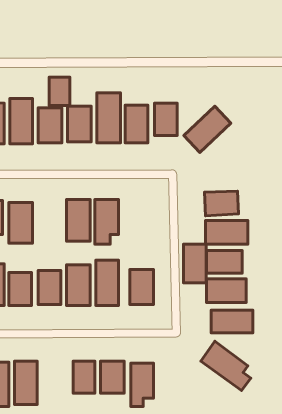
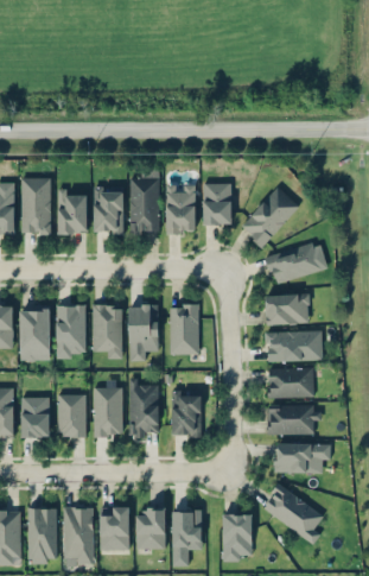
building: [49,77,70,106] -> none
building: none -> [265,242,320,284]
building: none -> [56,305,85,356]
building: [183,244,206,283] -> [170,304,198,353]
building: none -> [63,507,93,562]
building: none -> [222,514,252,561]

